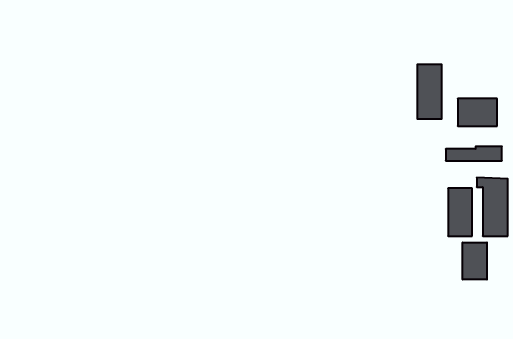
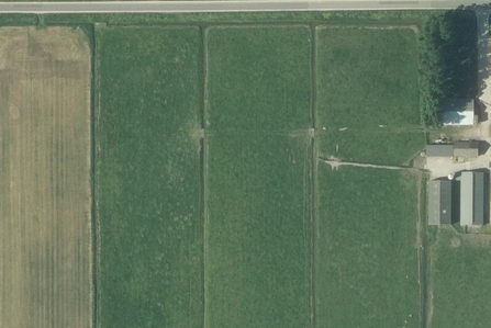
building: [417,64,442,119] -> none
building: [463,242,487,280] -> none

